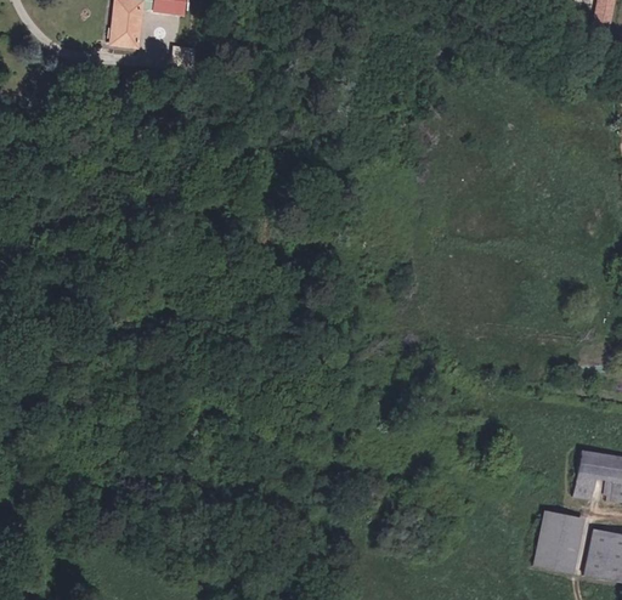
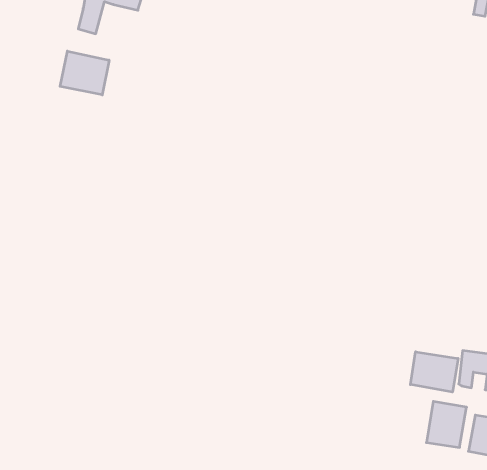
building: none -> [60,51,109,95]
building: none -> [410,352,458,392]

